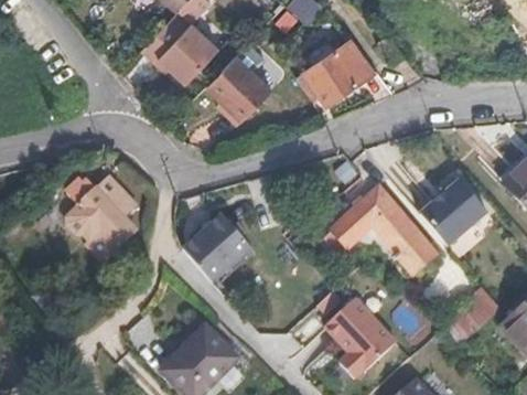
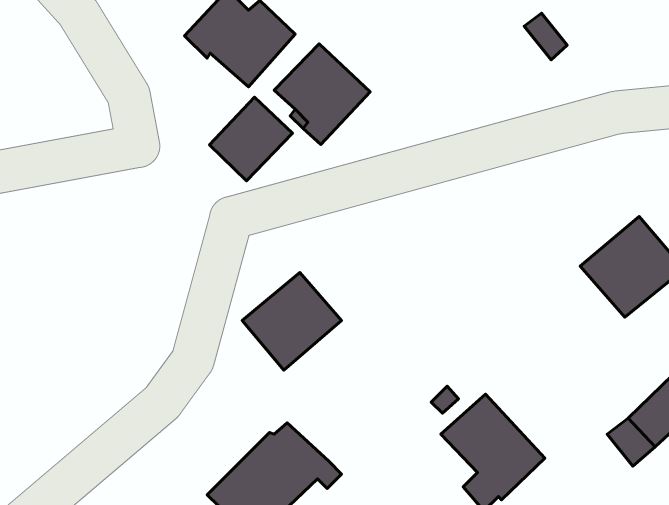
building: [306,40,379,106] -> none
building: none -> [210,97,293,181]
building: [65,183,137,269] -> none
building: [316,188,437,274] -> none

